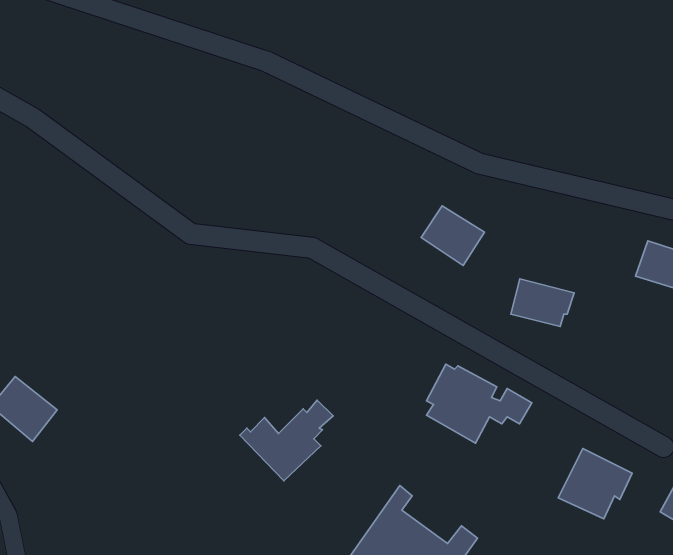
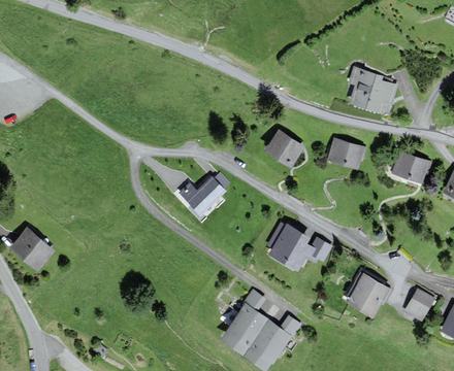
building: none -> [350,68,396,111]
building: [511,279,574,326] -> [328,139,365,167]
building: [240,400,333,481] -> [174,173,229,221]

